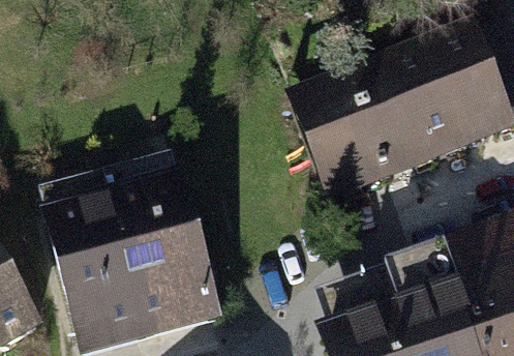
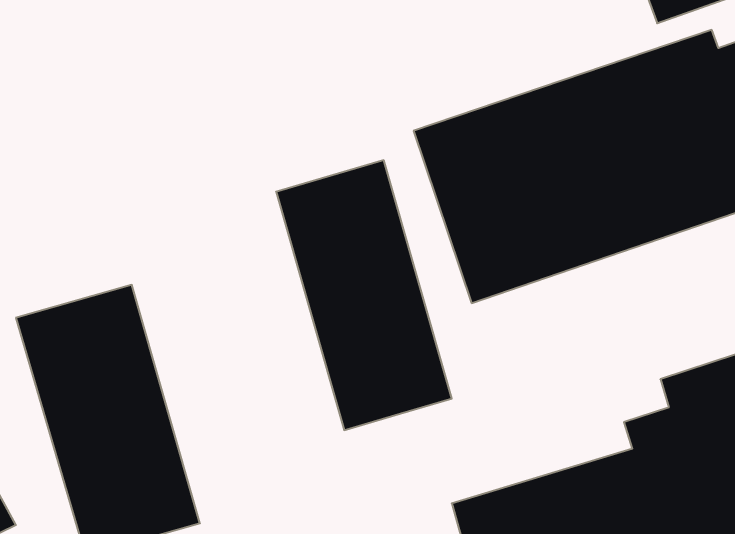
building: [114,166,223,334] -> [276,160,452,430]

